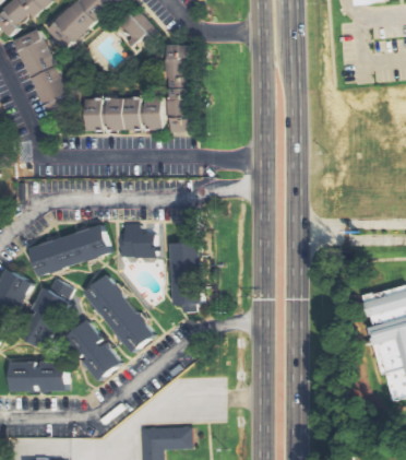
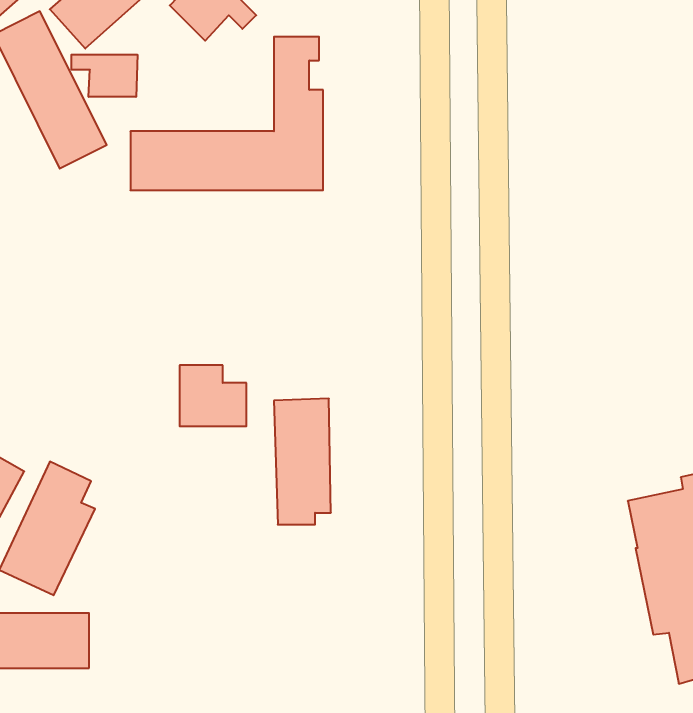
building: none -> [71,55,137,97]
building: [26,226,109,274] -> none
building: [81,275,152,355] -> none
building: [61,321,118,384] -> none

